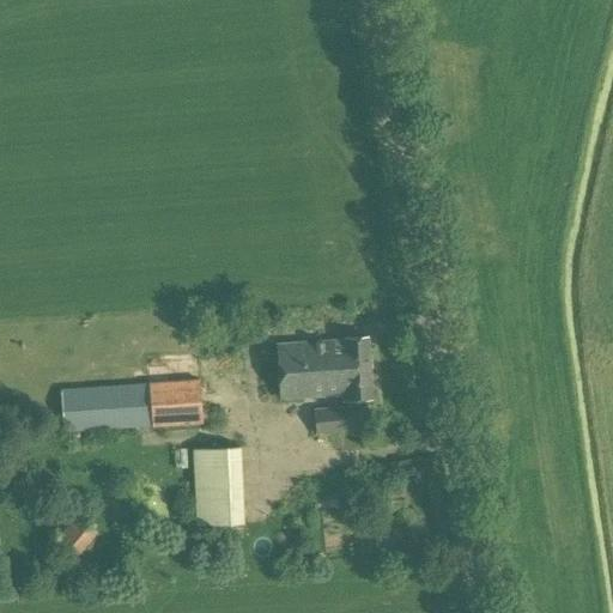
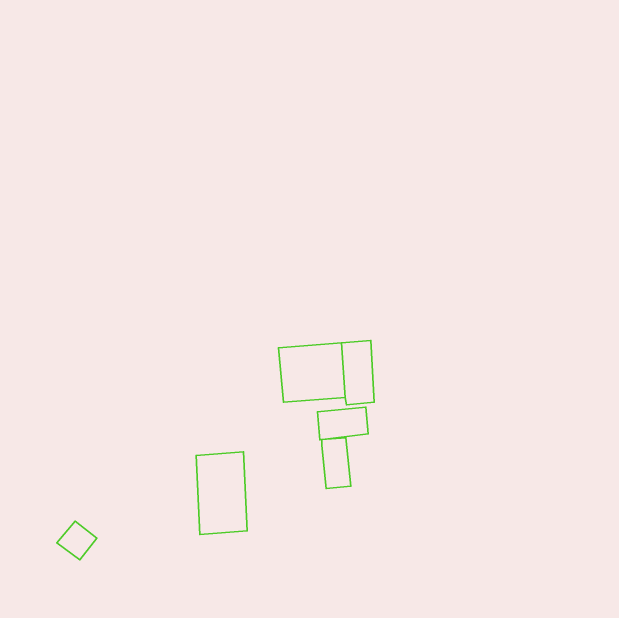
building: [61,378,202,431] -> none
building: none -> [322,438,351,488]

